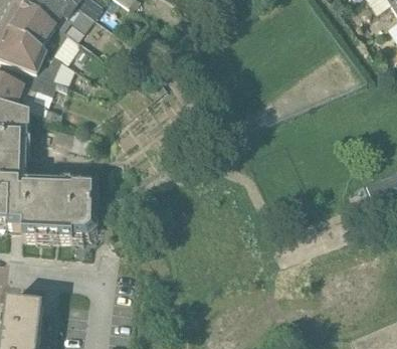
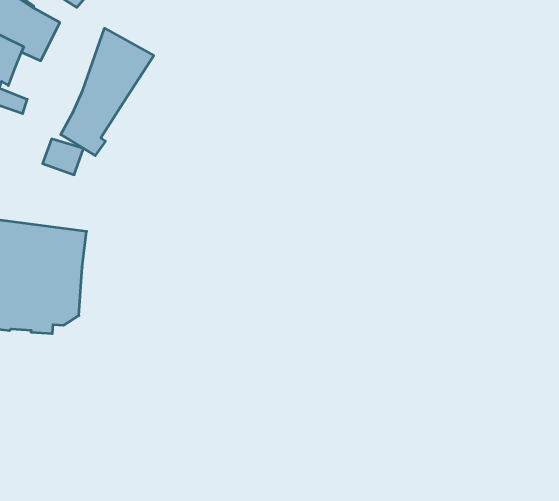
building: none -> [61,28,154,156]

